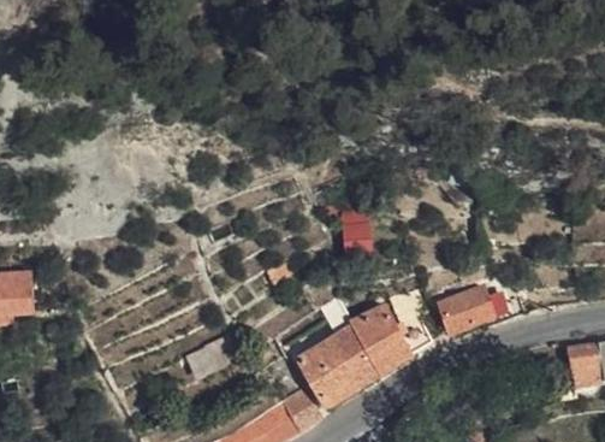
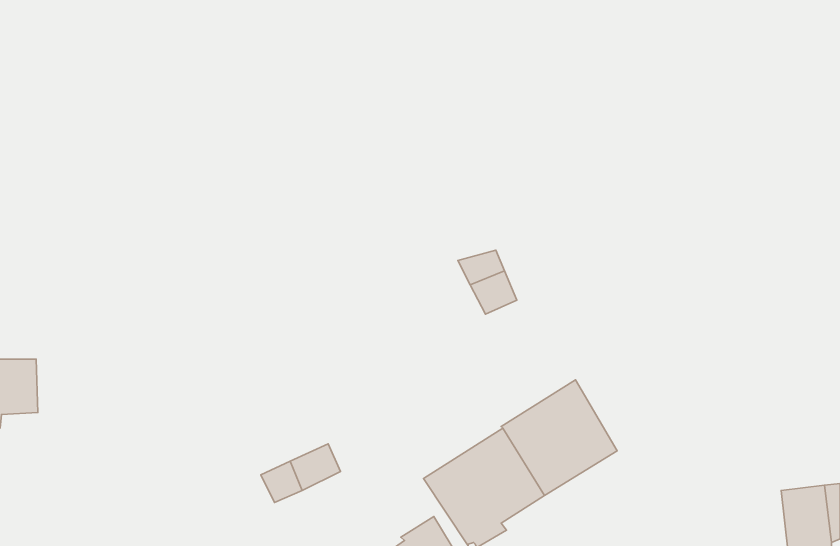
building: [445,282,497,322] -> none

